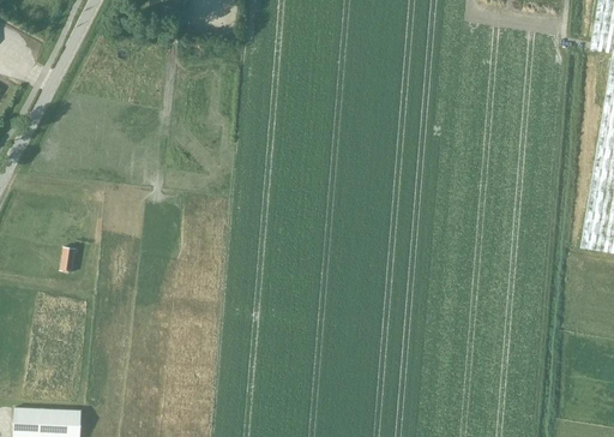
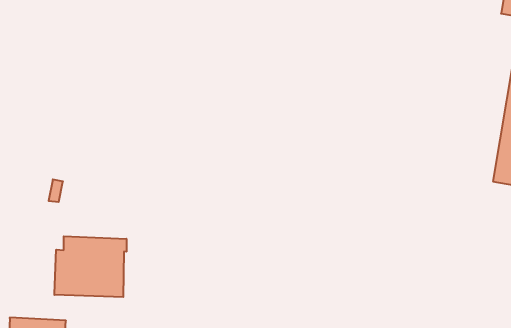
building: none -> [54,236,126,297]

